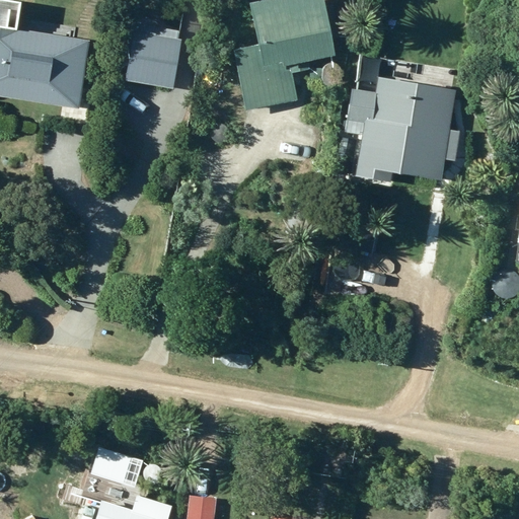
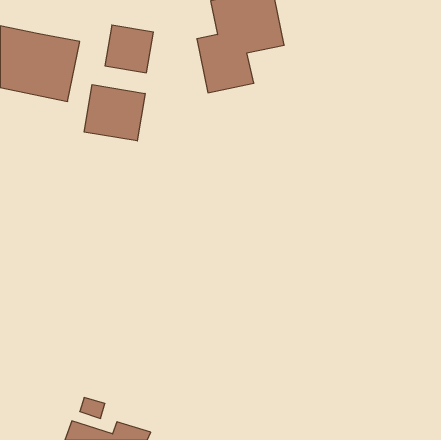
building: [346,75,455,181] -> none
building: none -> [84,85,145,141]

